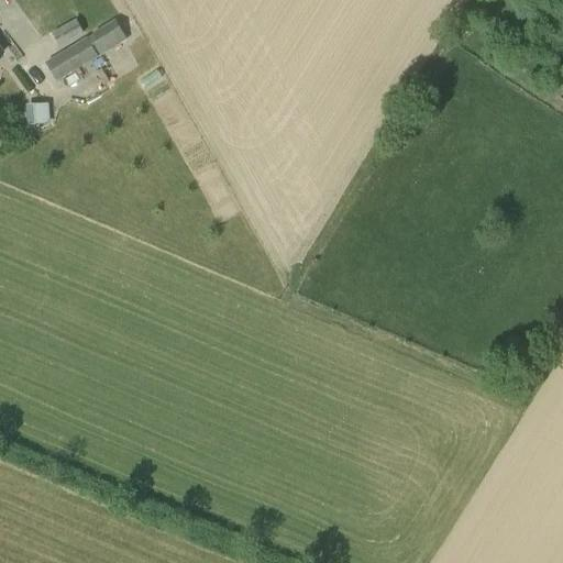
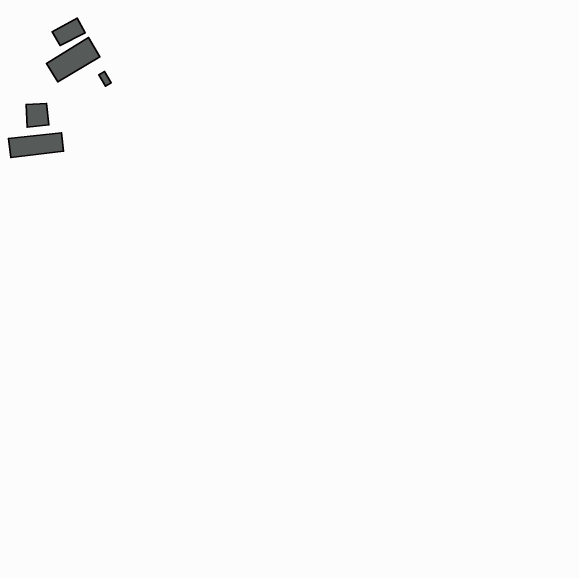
building: [92,20,126,53] -> none
building: none -> [8,133,63,158]

